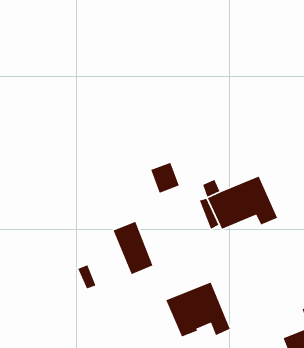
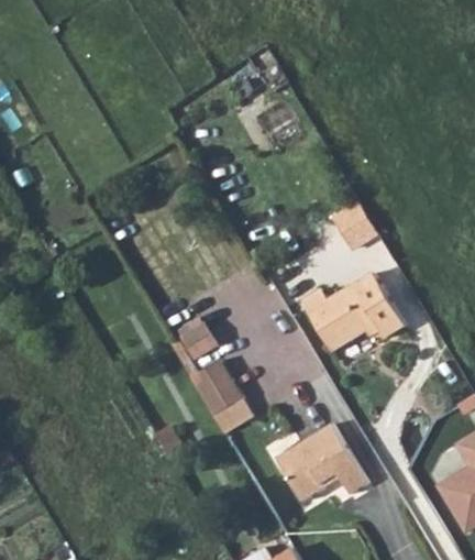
building: none -> [335,201,378,246]
building: [150,162,180,194] -> [177,315,219,359]

